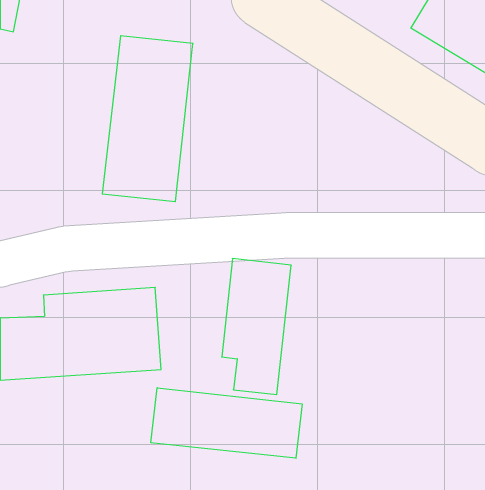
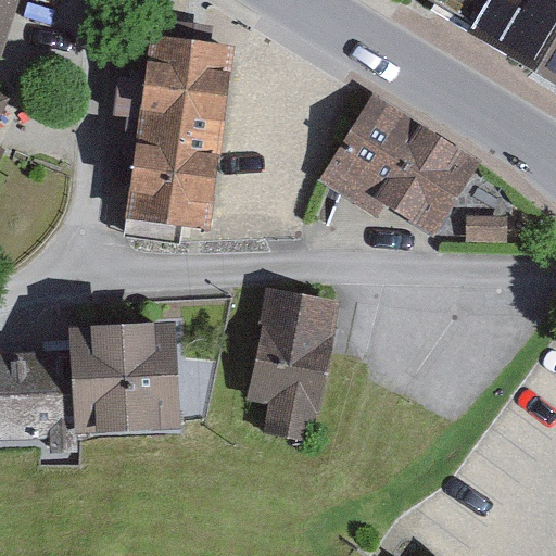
building: none -> [326,104,473,231]
building: [151,388,302,458] -> none

